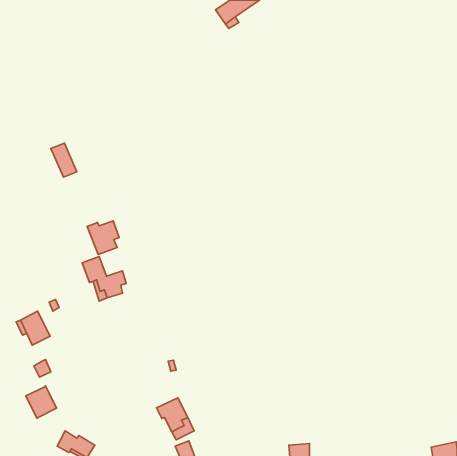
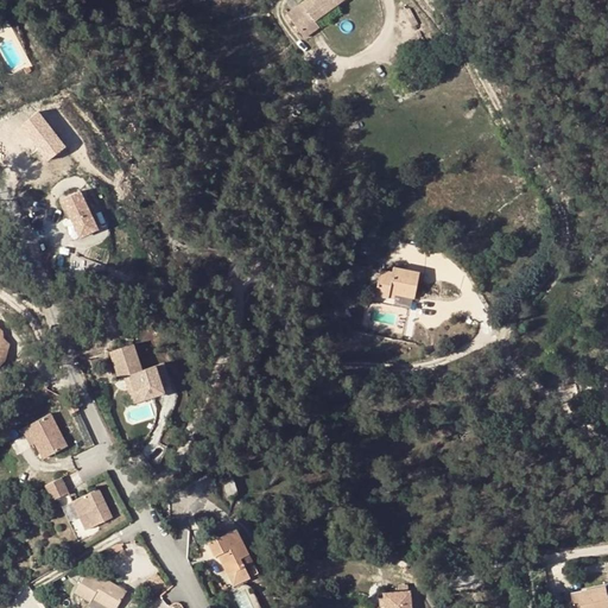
building: none -> [19,110,66,163]
building: none -> [376,268,419,298]
building: [87,221,119,255] -> none
building: [26,386,56,418] -> [71,489,112,532]

